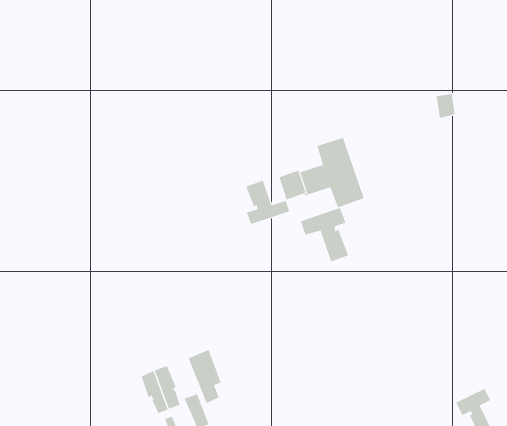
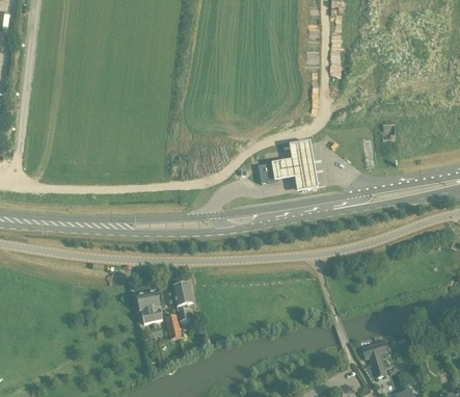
building: [246,180,290,225] -> none
building: [300,207,349,262] -> none

